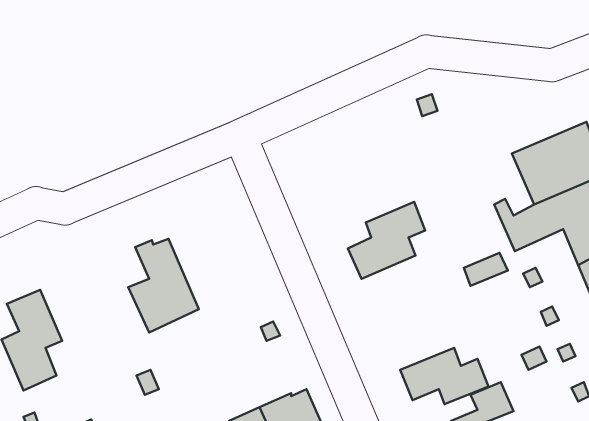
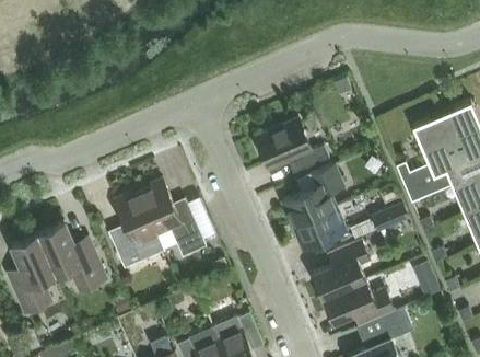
building: none -> [256,119,329,174]
building: none -> [140,180,206,256]
building: none -> [293,200,354,250]
building: none -> [38,223,106,291]
building: none -> [313,239,371,298]

